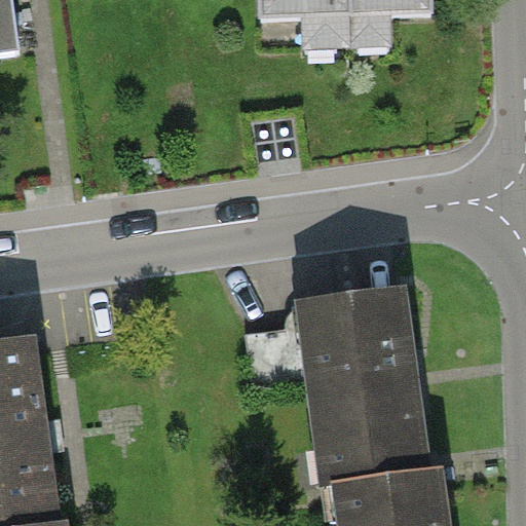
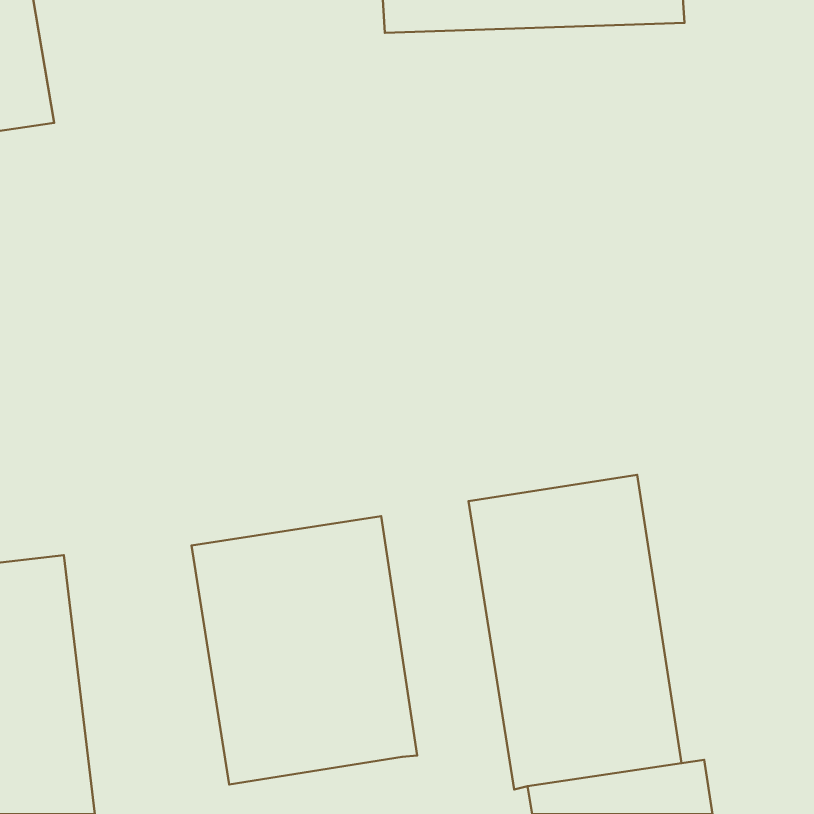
building: none -> [191,516,417,784]

